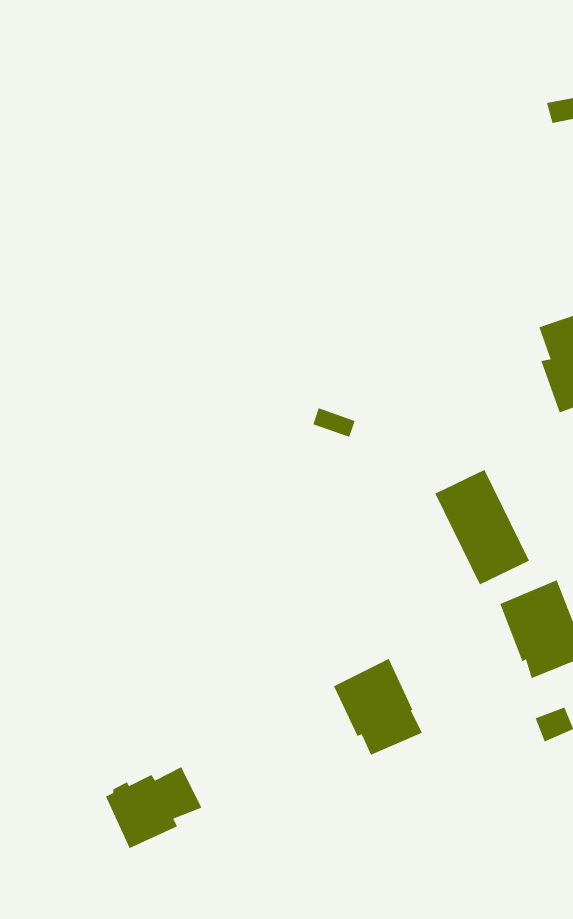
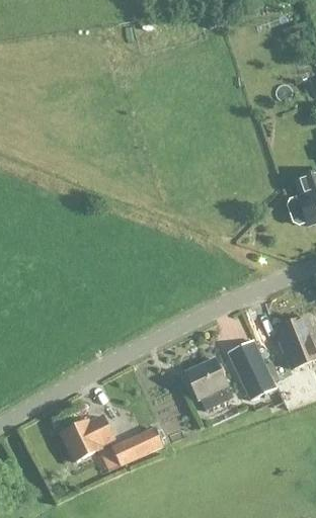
building: [435,469,530,585] -> [225,338,276,401]
building: none -> [111,427,163,464]

